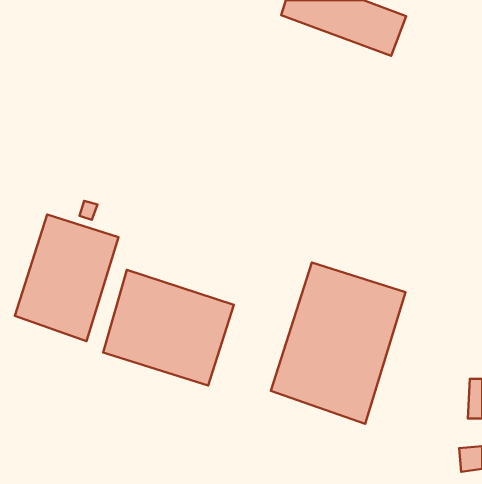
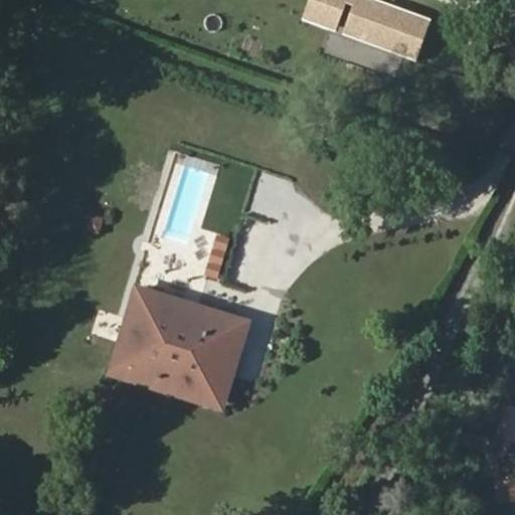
building: [15,215,119,341] -> none
building: [271,263,406,424] -> none

